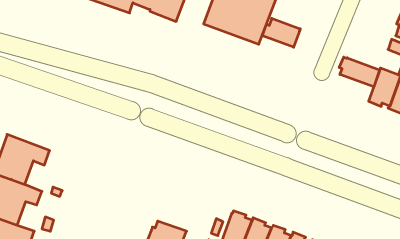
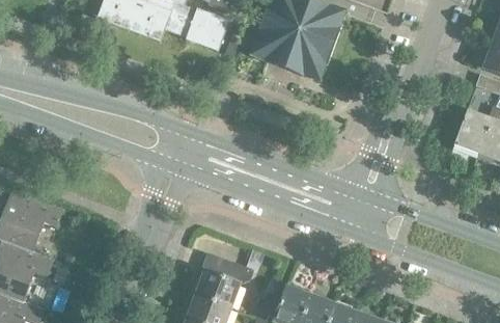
building: [263,18,300,47] -> none
building: [339,57,380,87] -> none
building: none -> [192,259,253,308]

